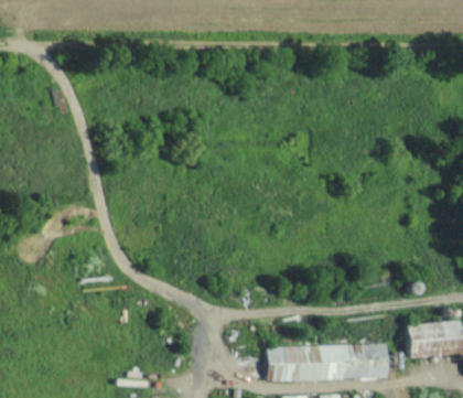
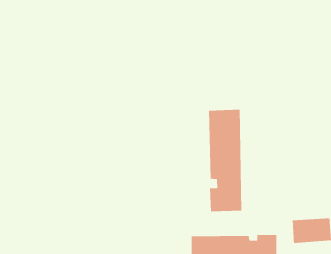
building: none -> [208,109,242,212]

